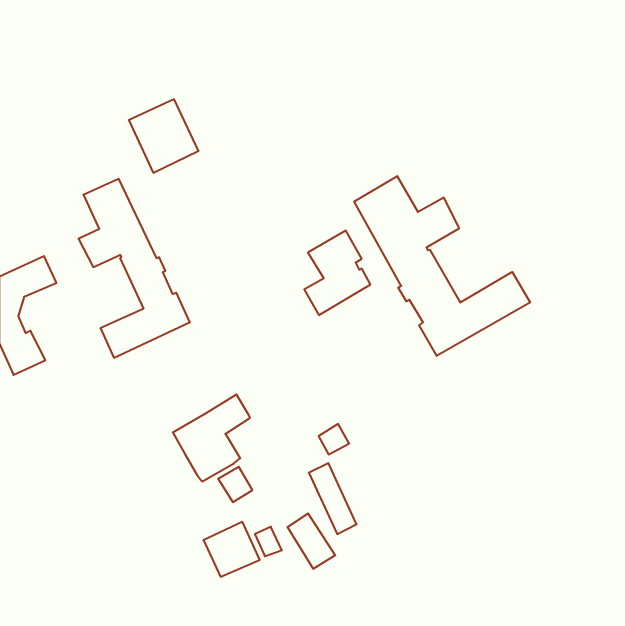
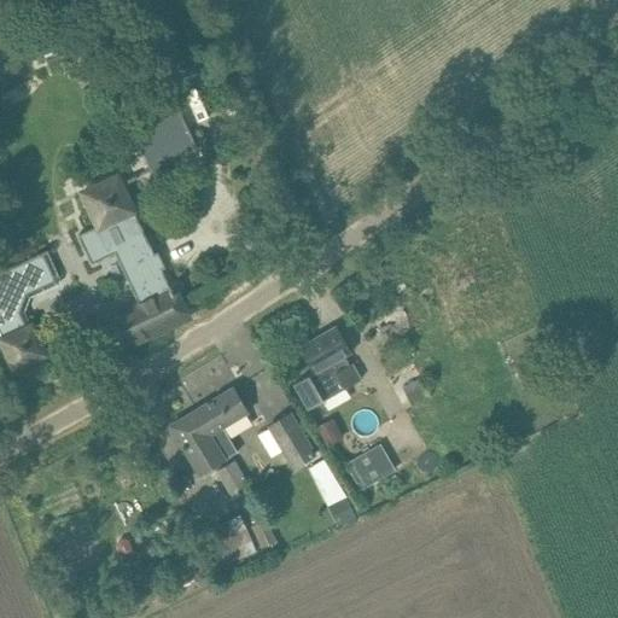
building: [354,176,530,356] -> none
building: [304,231,370,315] -> [295,326,360,409]
building: none -> [340,442,392,491]
building: [287,514,335,569] -> [269,414,316,468]

